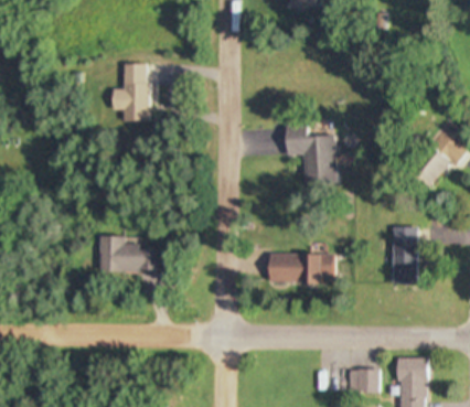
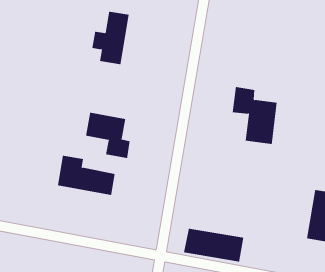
building: none -> [85,112,130,159]
building: [268,253,334,281] -> [183,228,244,262]

